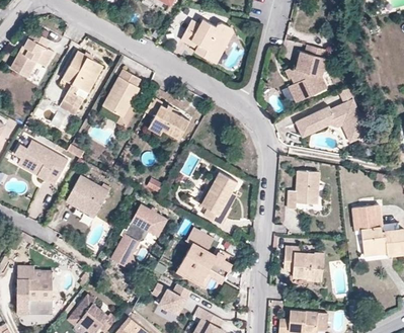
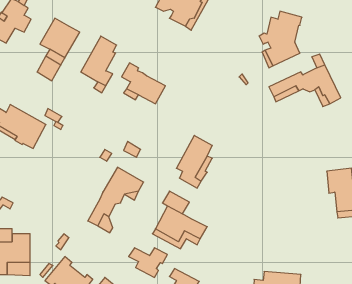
building: [287,173,320,211] -> none
building: [66,175,110,217] -> none
building: [284,246,323,280] -> none

